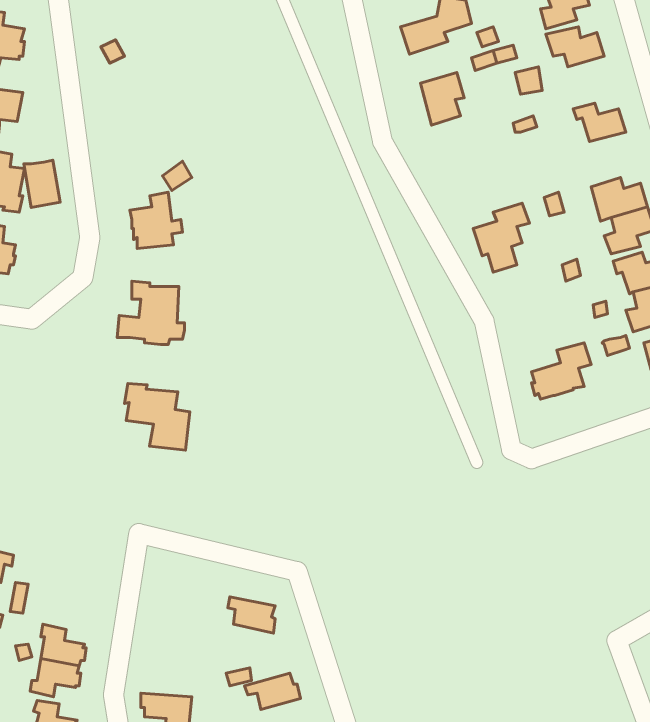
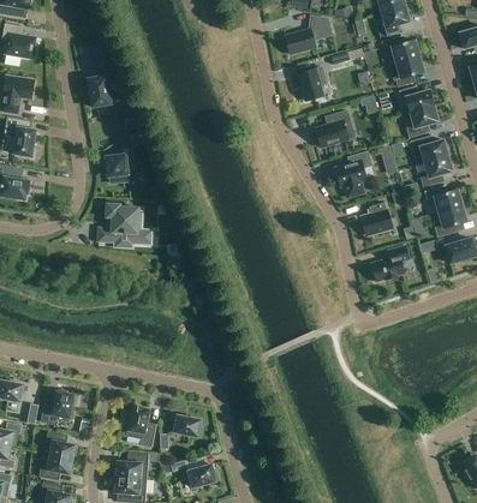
building: none -> [389,55,424,88]
building: none -> [406,106,439,137]
building: none -> [315,110,351,146]
building: [24,160,60,207] -> [87,76,111,107]
building: none -> [360,203,390,235]
building: [124,384,190,450] -> none
building: none -> [41,389,76,424]
building: none -> [127,405,155,445]
building: none -> [113,454,148,479]

